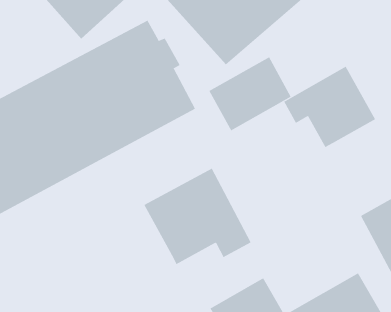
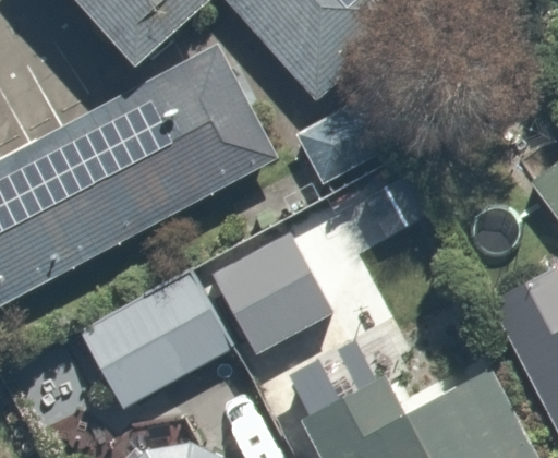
building: [283,66,376,148] -> none
building: none -> [80,266,245,410]

